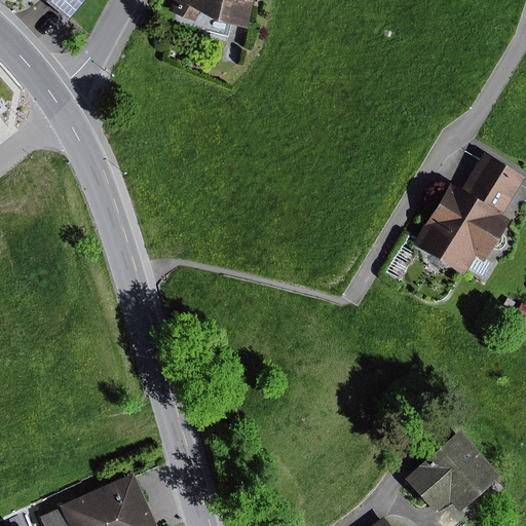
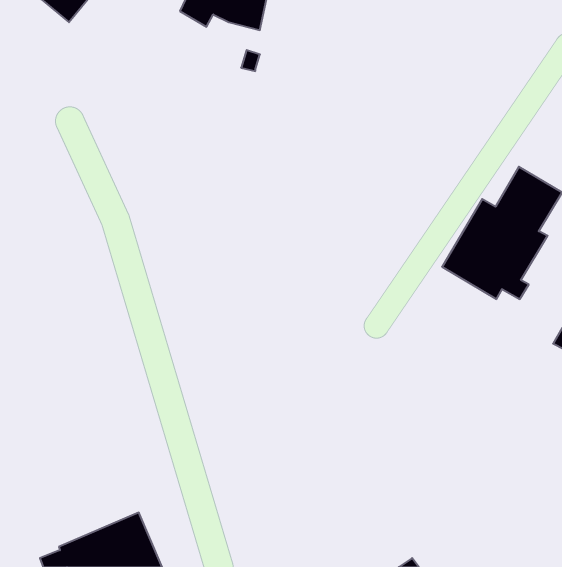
building: [406,430,500,513] -> none

